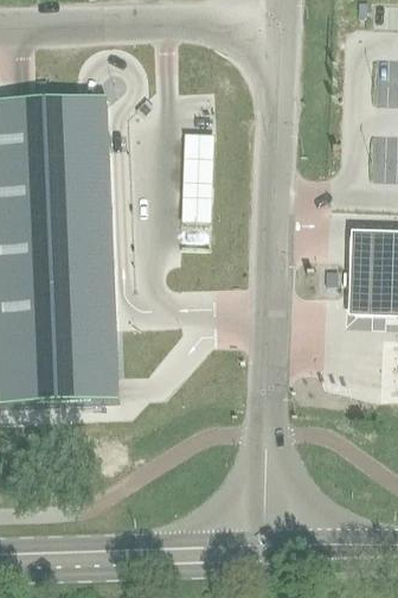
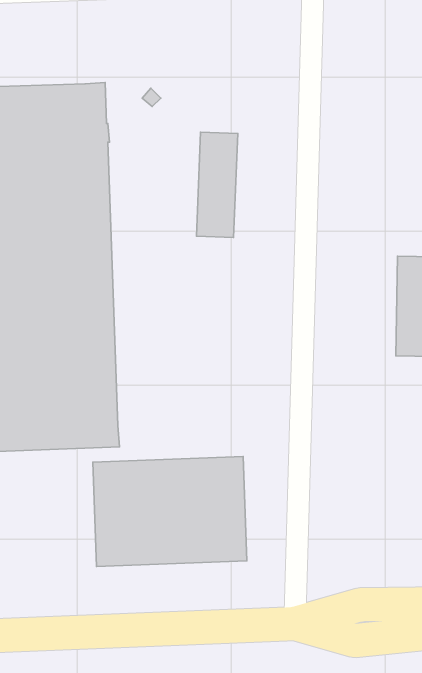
building: none -> [93,456,247,567]

